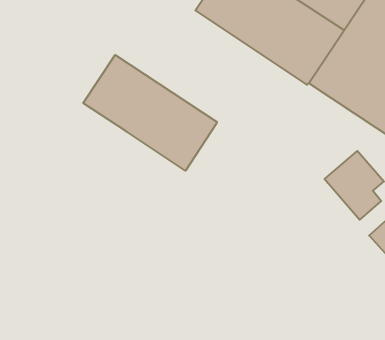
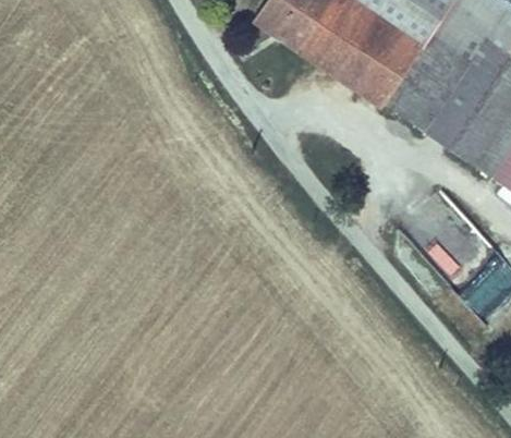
building: [83,55,217,171] -> none

